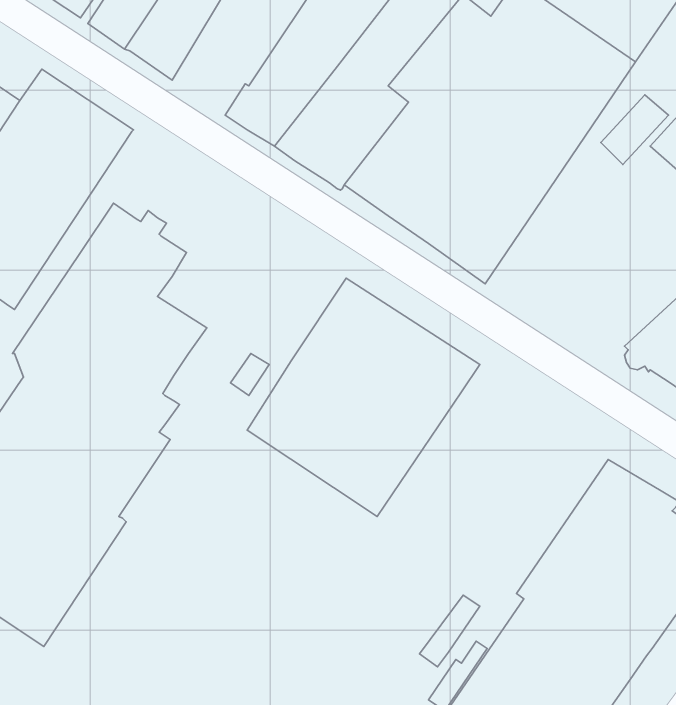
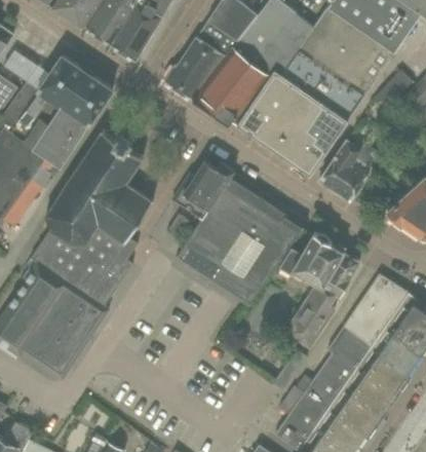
building: none -> [319,140,378,201]
building: none -> [172,159,232,219]
building: none -> [281,233,359,347]

